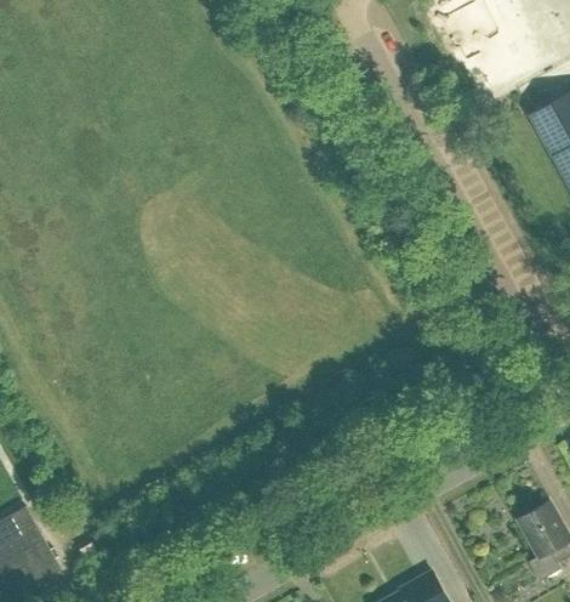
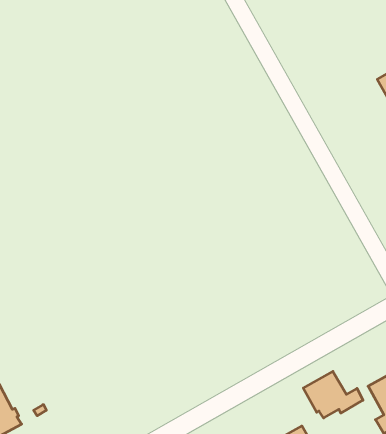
building: none -> [303,371,363,418]

